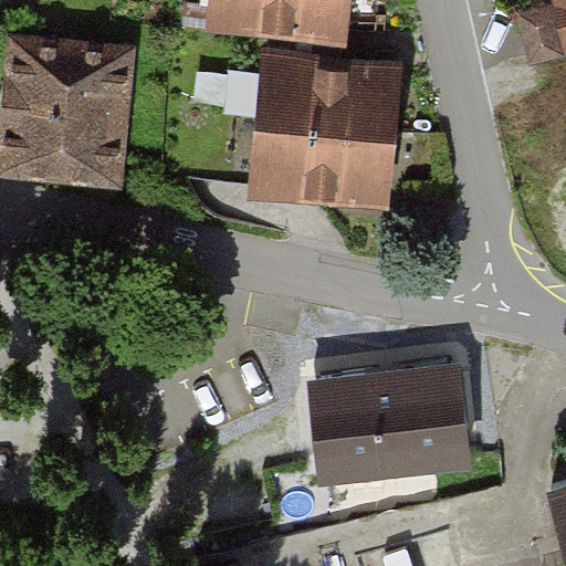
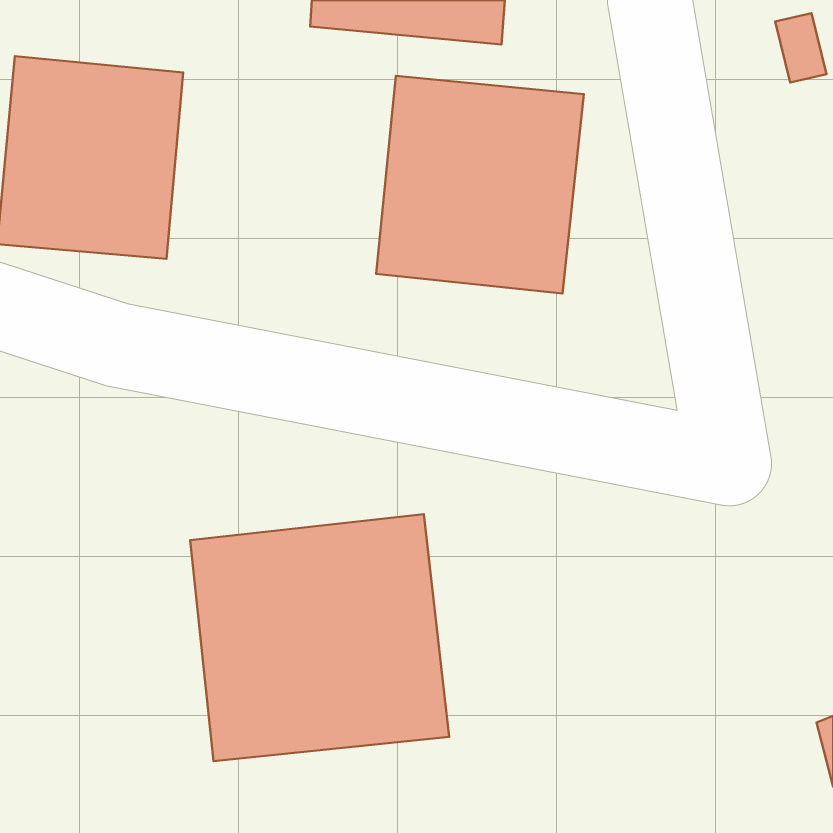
building: none -> [190,514,449,761]
building: [312,375,479,469] -> none

